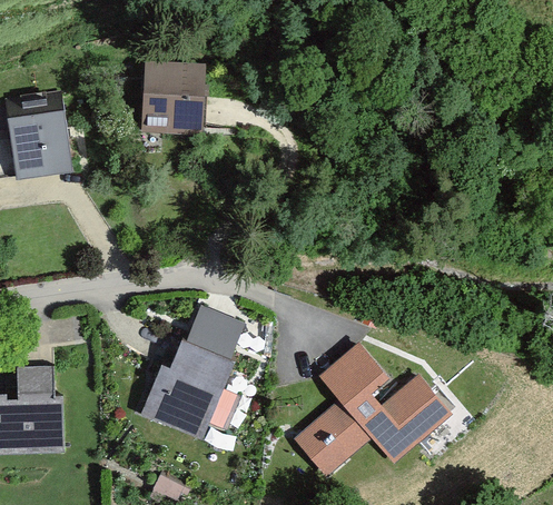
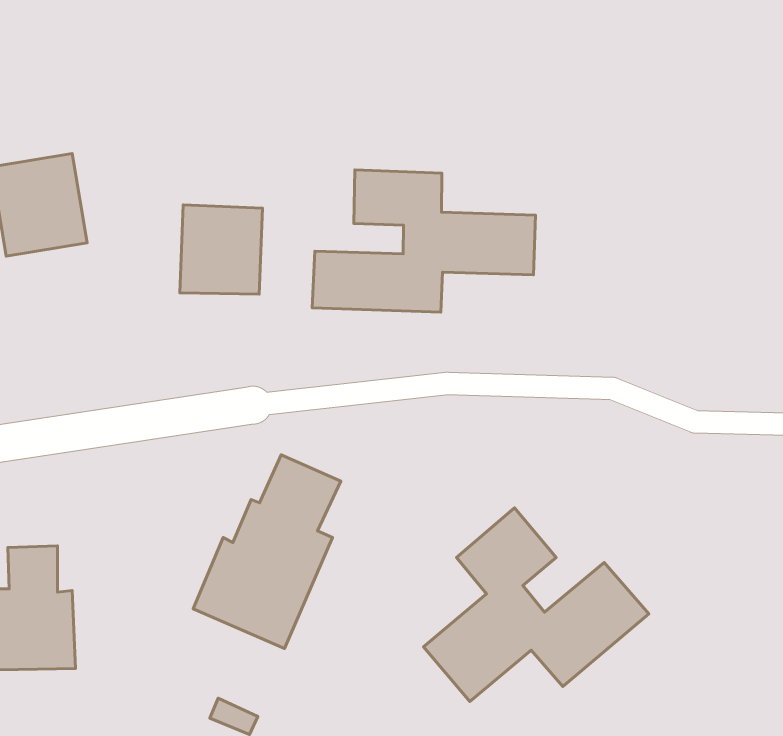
building: [144,70,199,130] -> [180,205,263,294]
building: none -> [312,170,535,312]

